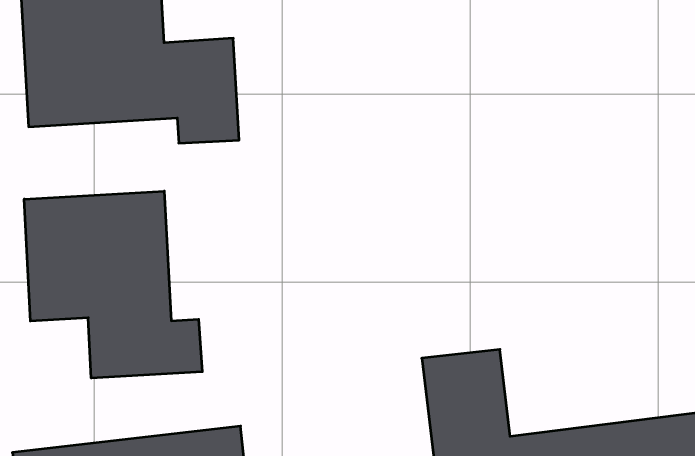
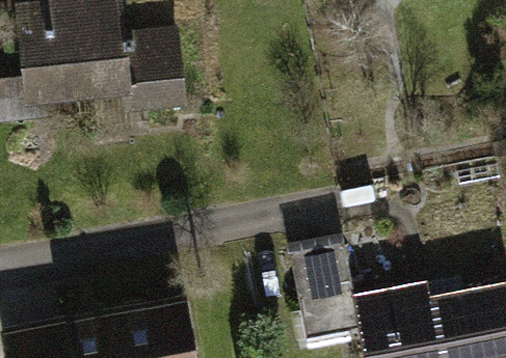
building: [24,191,202,378] -> none

